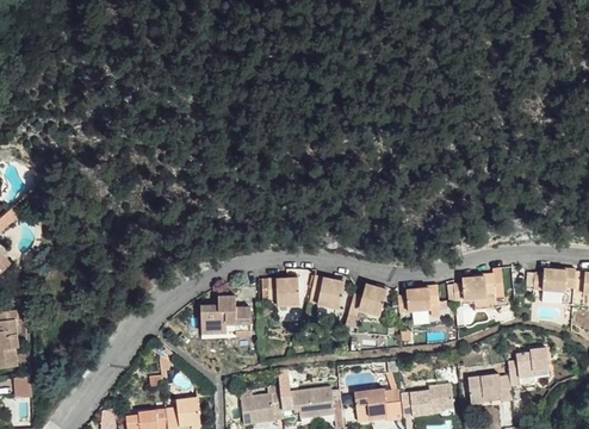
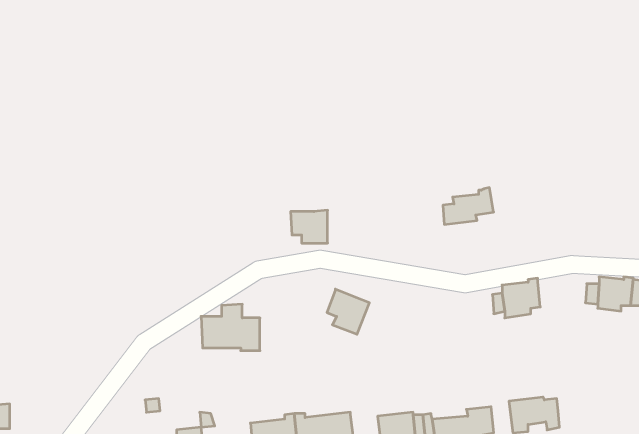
building: [267,276,299,305] -> [291,210,328,243]
building: [397,280,441,312] -> [443,188,494,224]
building: [348,281,388,312] -> none
building: [508,347,546,385] -> none

